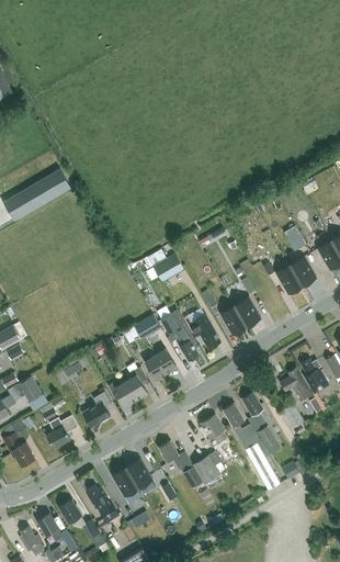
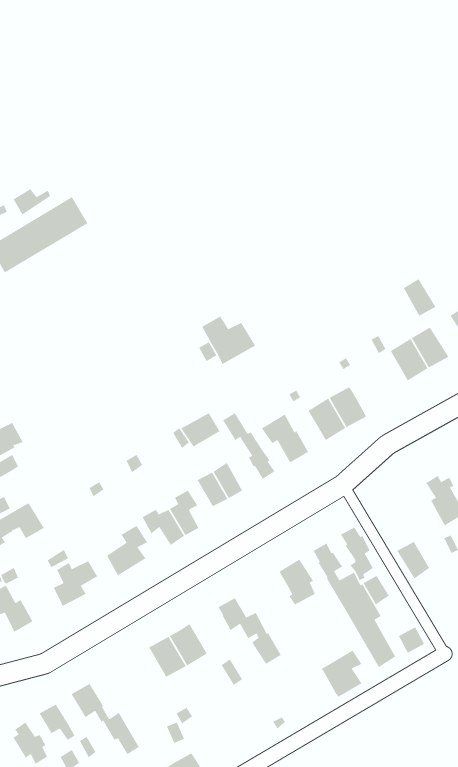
building: [280,368,313,401] -> none
building: [193,451,222,484] -> [320,650,362,698]
building: [88,485,120,522] -> none

